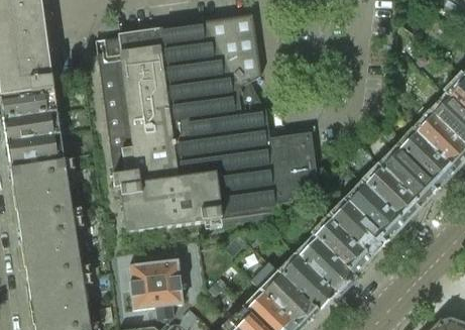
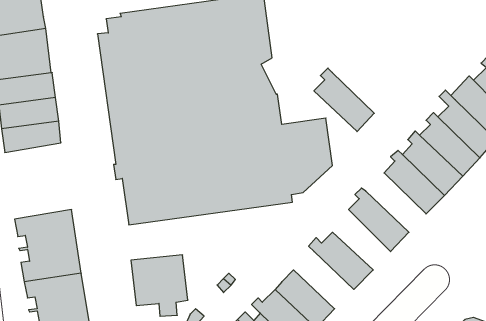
building: [10,158,73,226] -> none
building: [348,179,404,238] -> [314,68,374,132]
building: [315,214,371,273] -> none
building: [276,256,337,310] -> none

